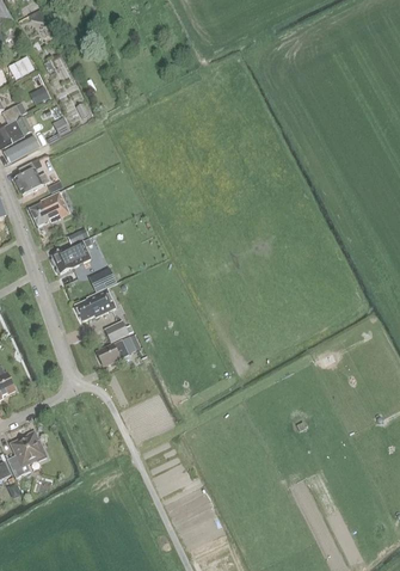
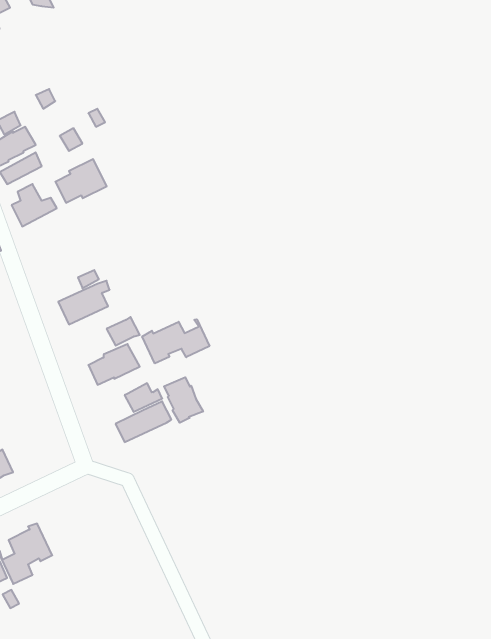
building: [27,190,68,225] -> [55,159,107,203]
building: none -> [142,319,209,363]
building: none -> [164,377,203,423]

